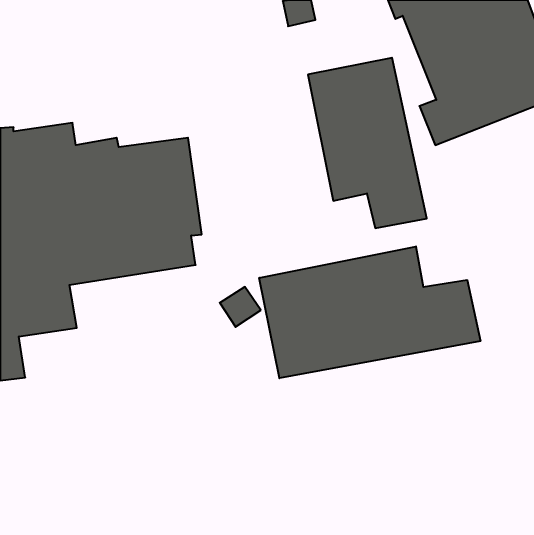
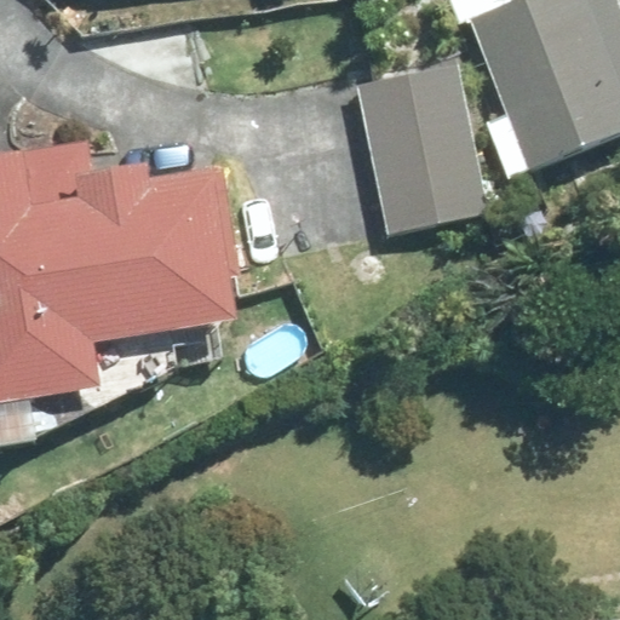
building: [259,246,480,378] -> none

